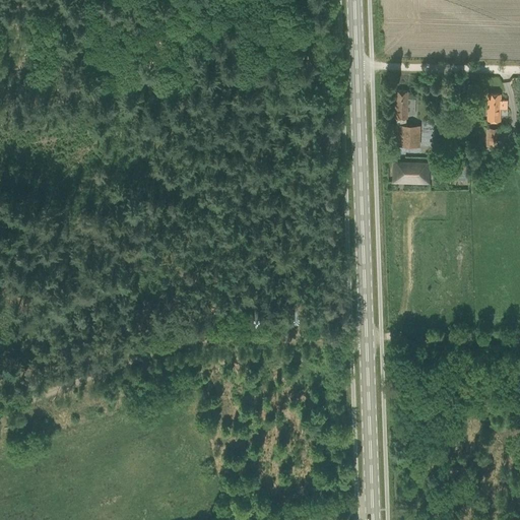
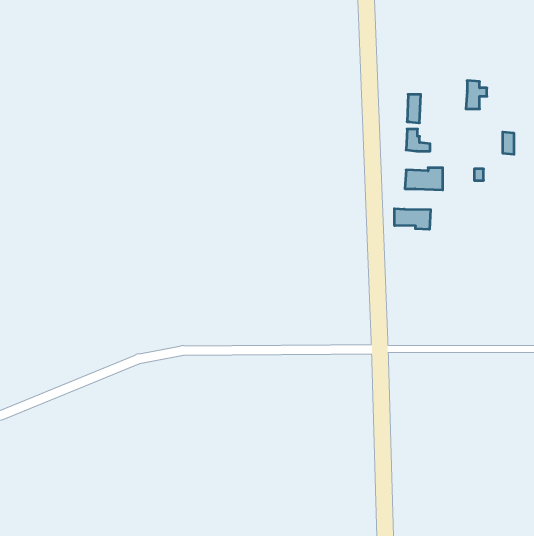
building: [489,93,509,121] -> [466,81,487,109]
building: none -> [394,209,431,229]

